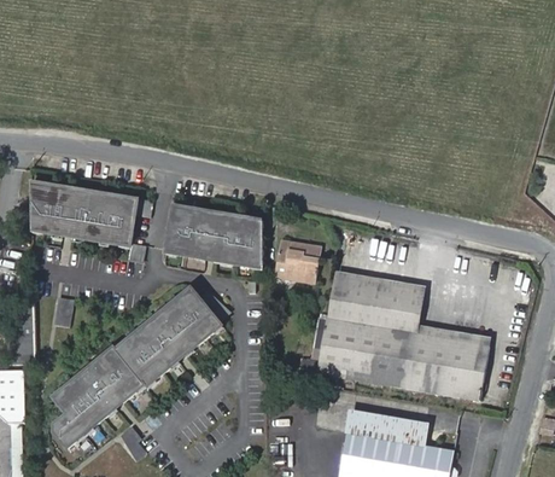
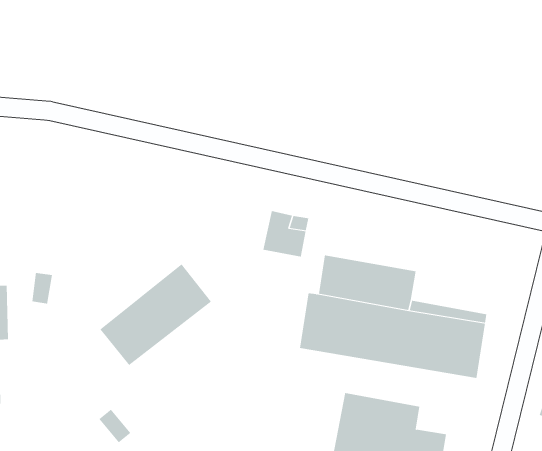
building: [31,182,140,246] -> none
building: [165,206,264,269] -> none
building: [52,347,146,446] -> none

